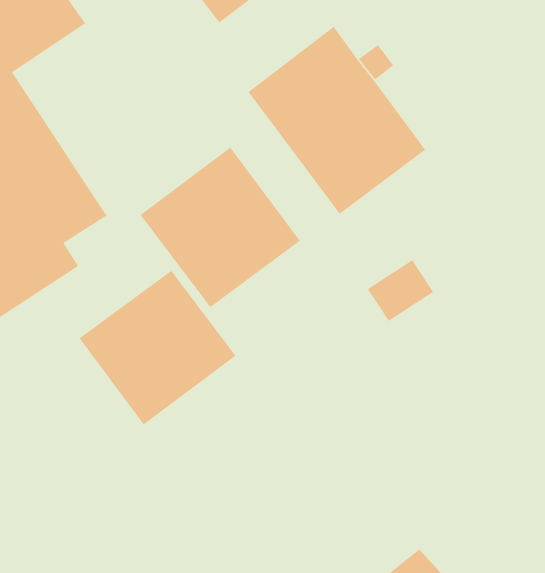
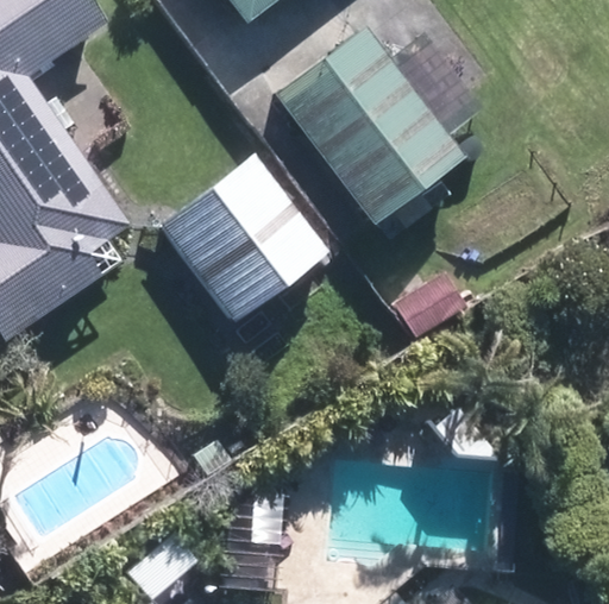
building: [79,270,237,425] -> none

